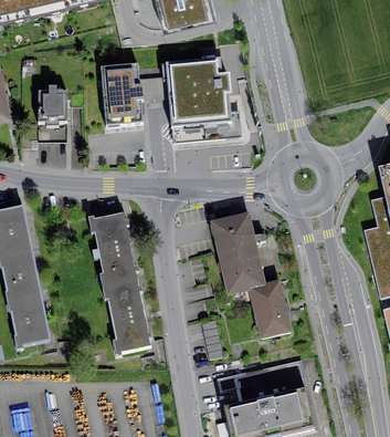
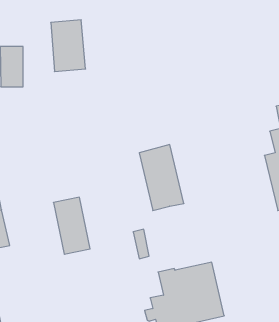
building: [166,55,232,125] -> none
building: [91,216,136,288] -> none
building: [247,285,291,342] -> none

